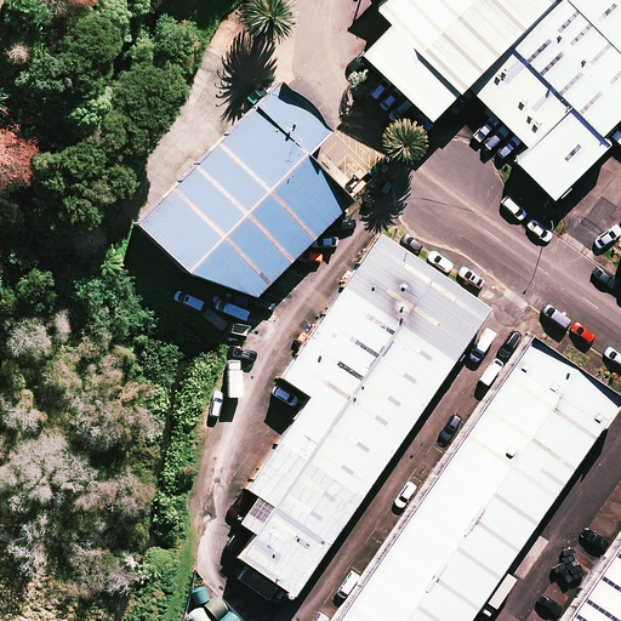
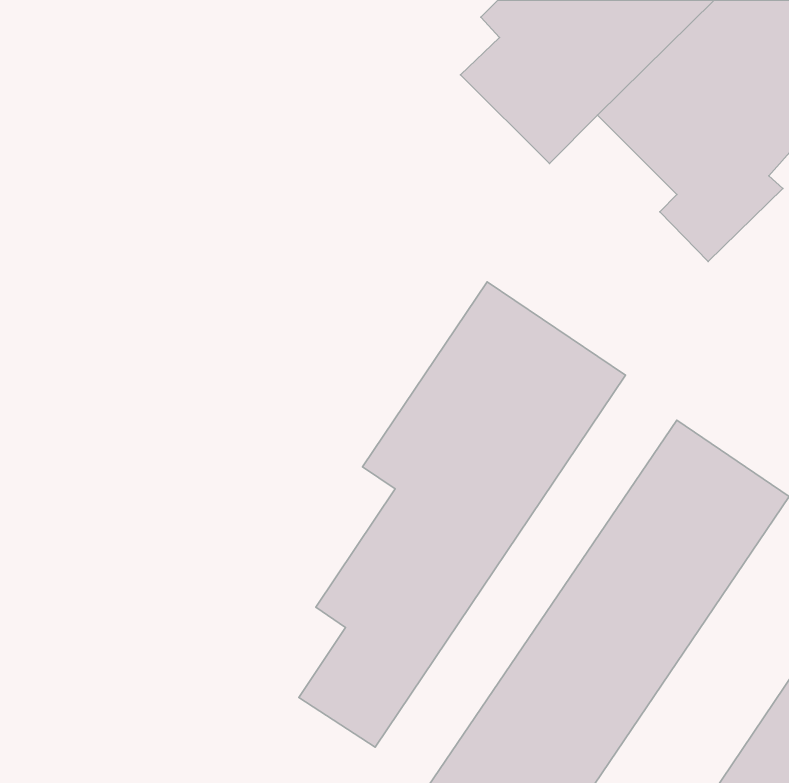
building: [143,81,357,310] -> none

